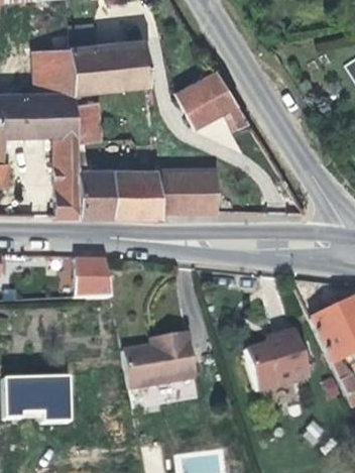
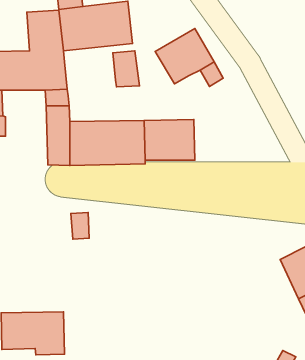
building: [73,102,102,141] -> [113,51,139,87]
building: [122,332,196,389] -> none
building: [246,332,310,392] -> none

